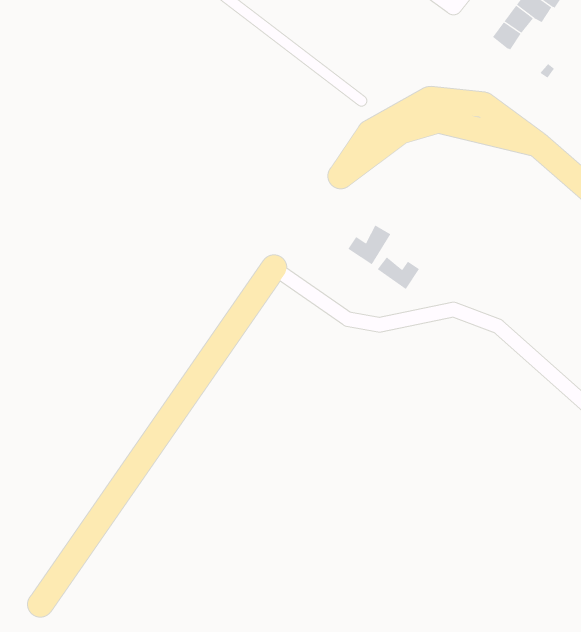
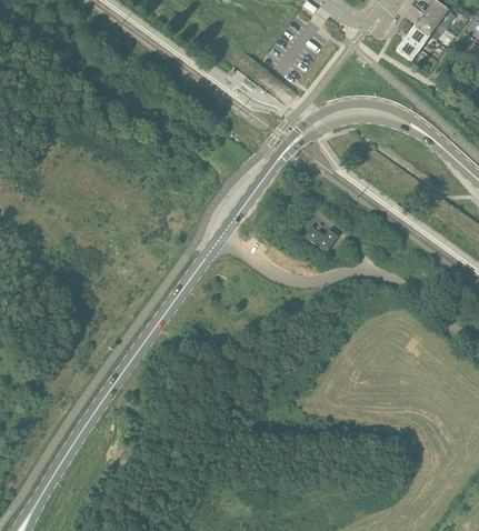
building: [347,225,391,265] -> none

